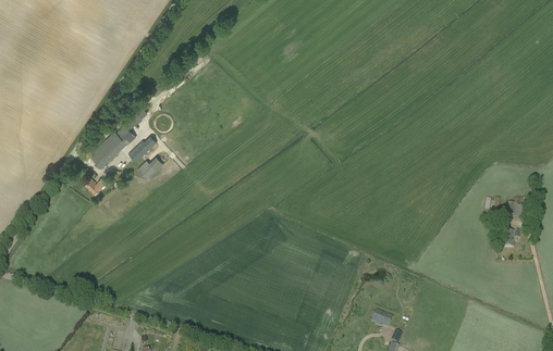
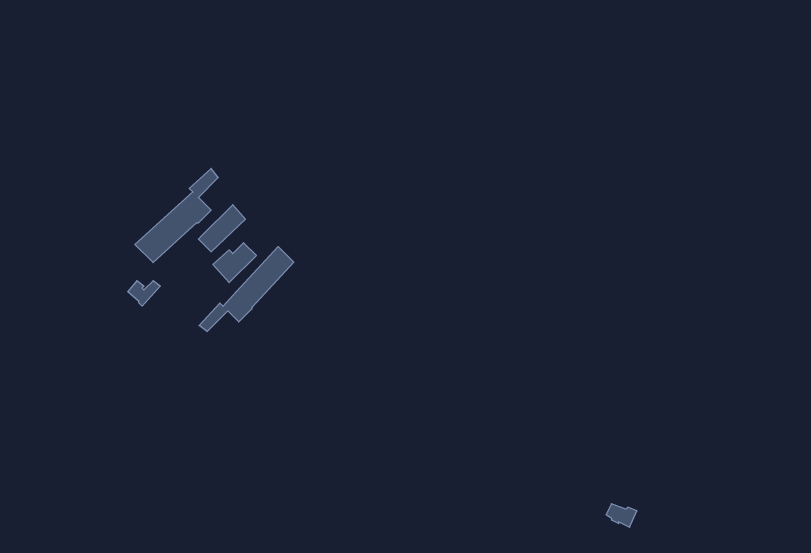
building: none -> [199,247,294,332]

